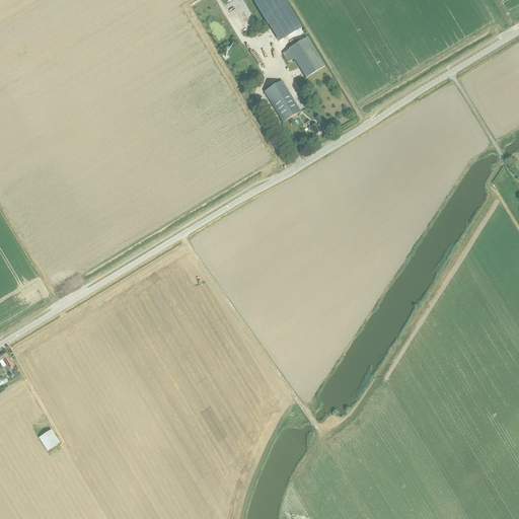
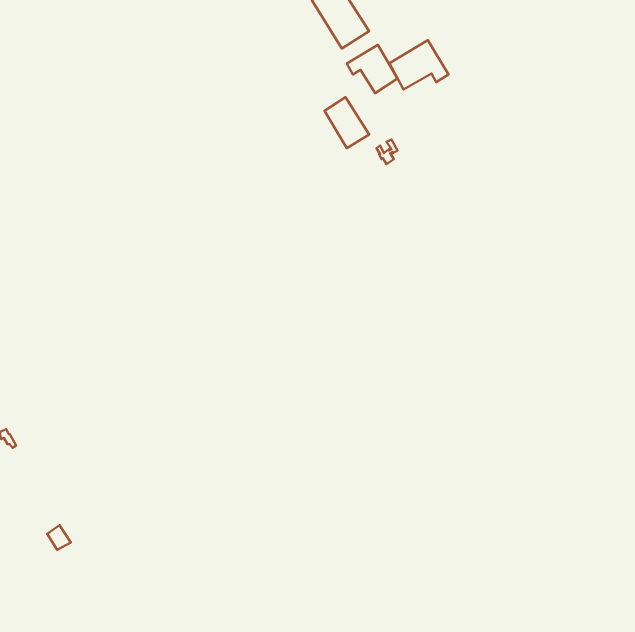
building: none -> [390,40,448,89]

